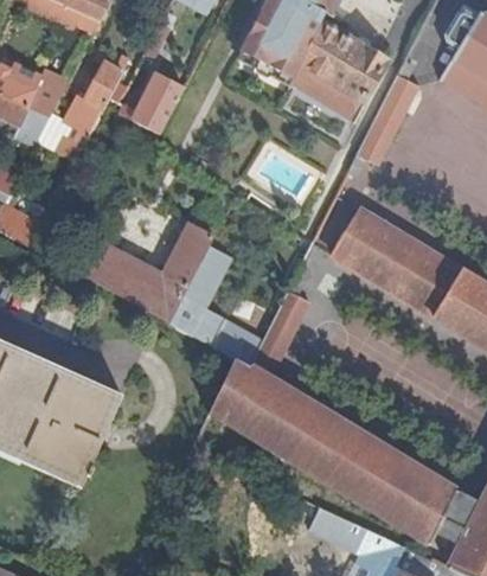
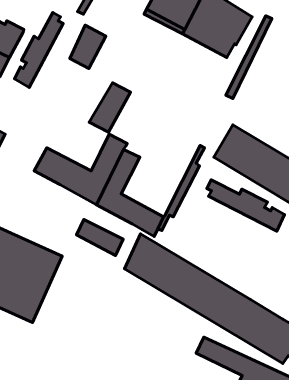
building: none -> [89,83,130,132]
building: none -> [207,180,285,231]
building: none -> [77,220,123,256]

